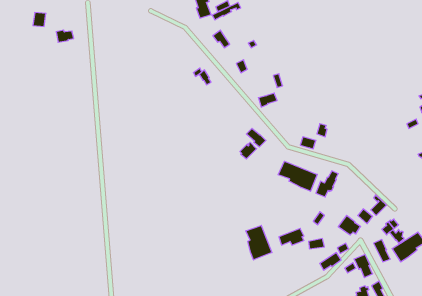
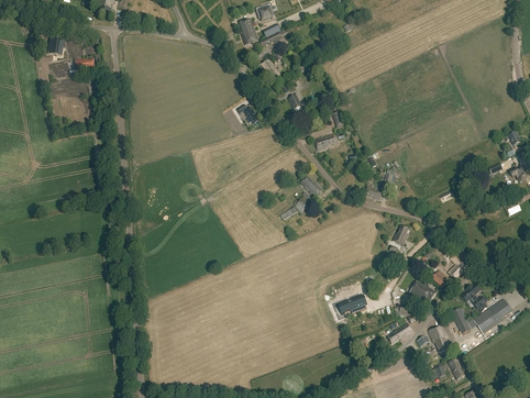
building: [278,161,317,191] -> none
building: [246,225,272,260] -> none

